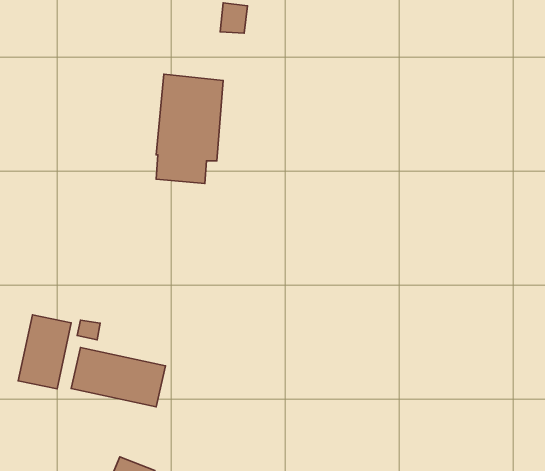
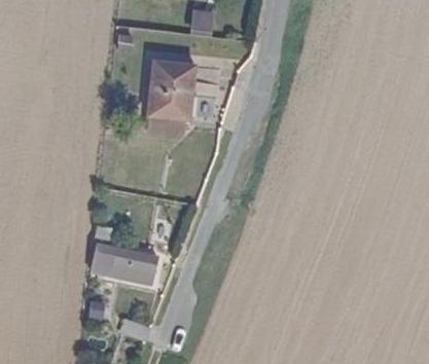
building: [18,315,71,389] -> none

